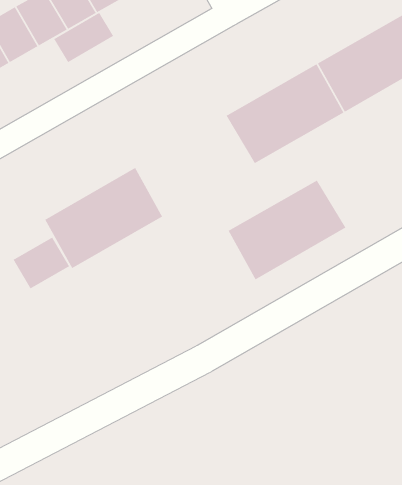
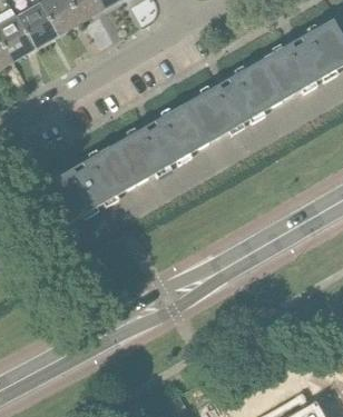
building: [53,12,114,63] -> none
building: [227,179,346,280] -> [114,102,209,183]
building: [12,236,70,290] -> none

